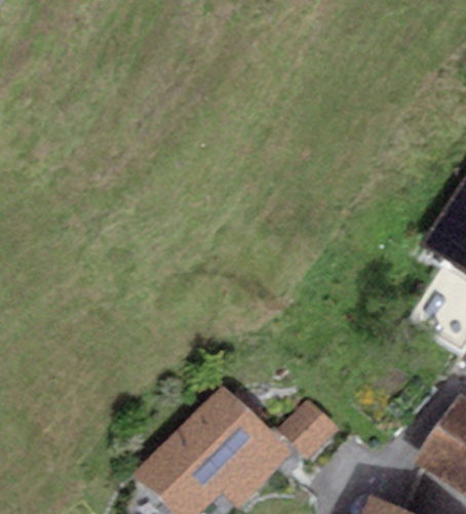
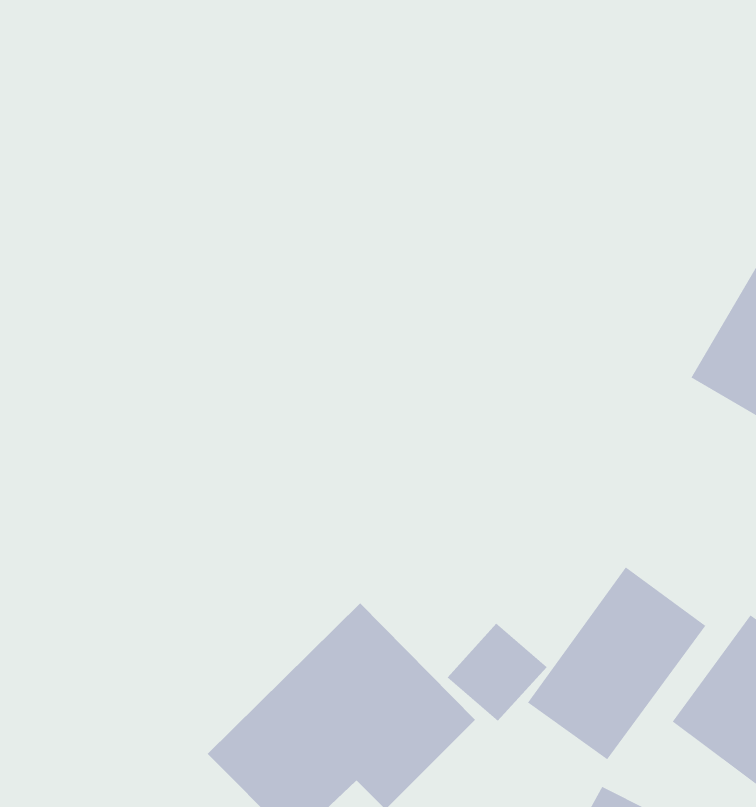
building: none -> [527,567,706,760]

